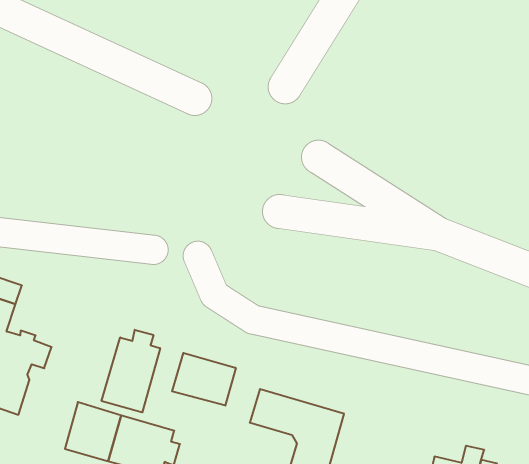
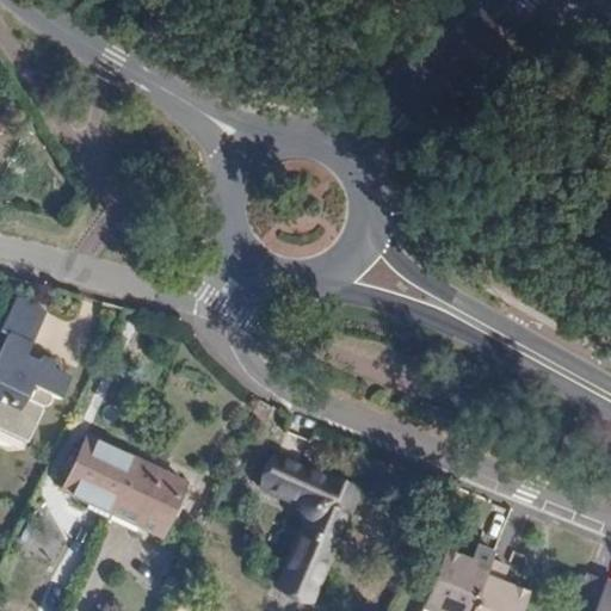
building: [102,330,160,412] -> none
building: [172,353,236,406] -> none

